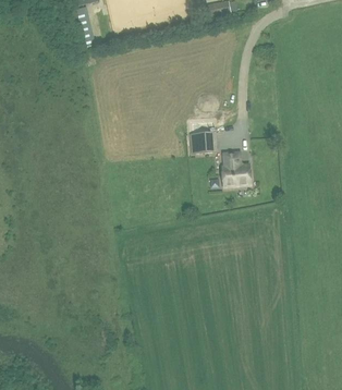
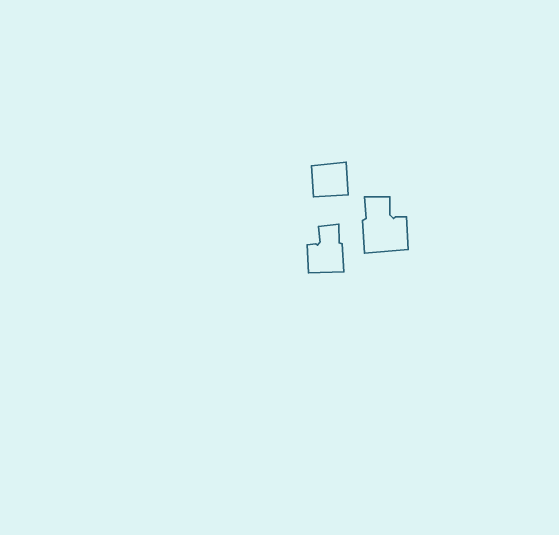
building: none -> [307,224,344,273]

